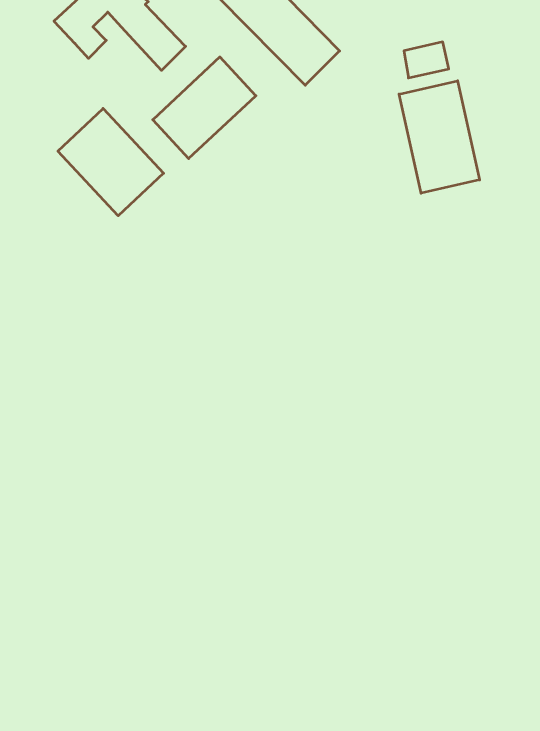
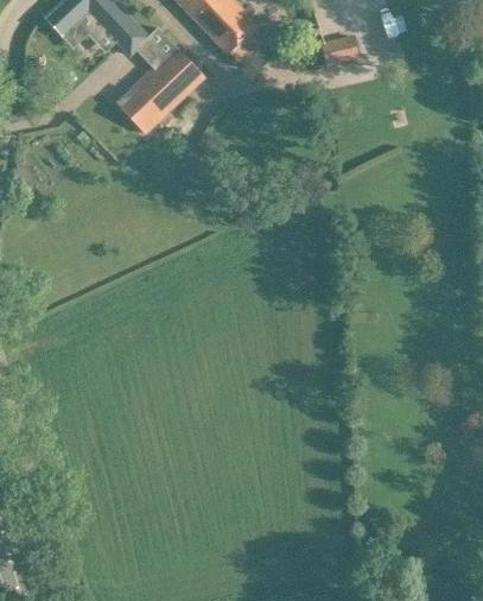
building: [399,81,480,193] -> none
building: [58,108,164,216] -> none

